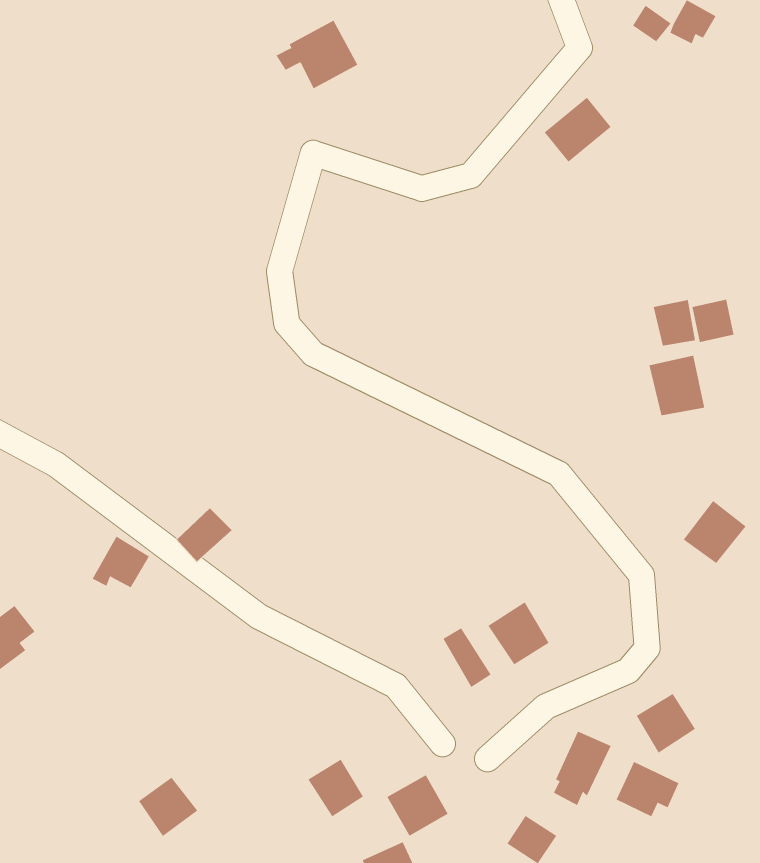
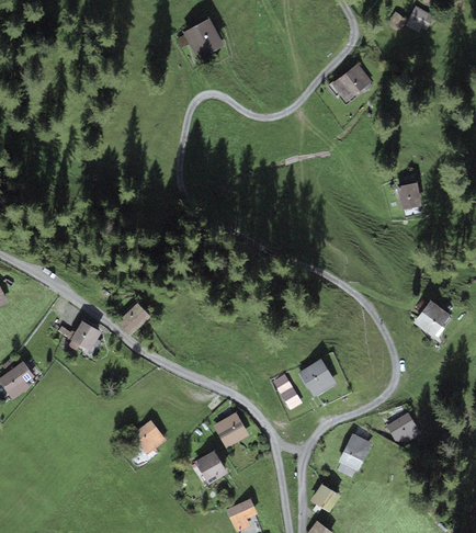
building: [692,299,734,343] -> none
building: [649,355,705,416] -> none
building: [616,761,679,817] -> none
building: [387,774,449,836] -> [213,412,249,449]
building: [138,777,198,837] -> [132,420,167,455]

